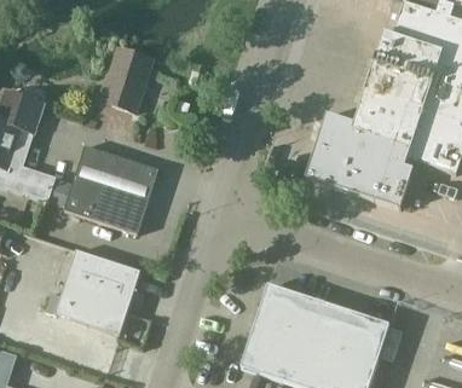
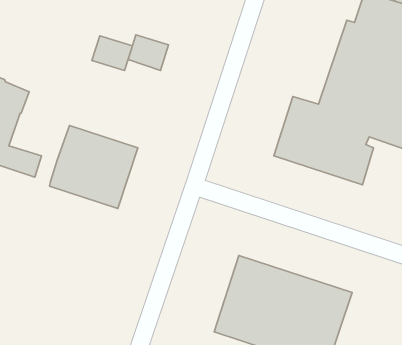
building: [102,75,145,114] -> [128,35,168,71]
building: [44,250,142,335] -> none

